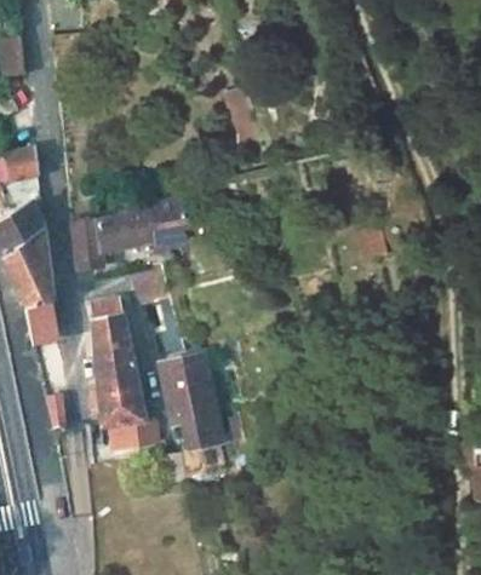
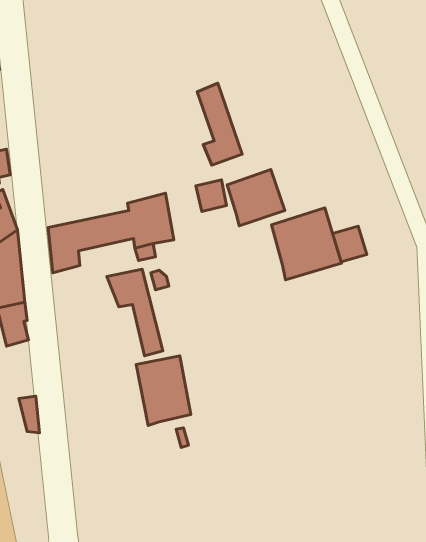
building: none -> [227,170,285,226]
building: none -> [271,208,342,280]
building: [90,303,159,430] -> none

